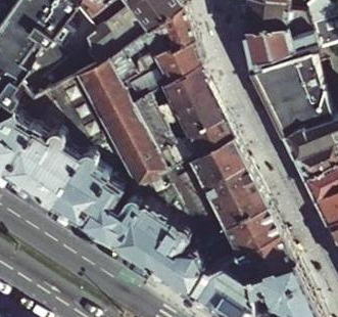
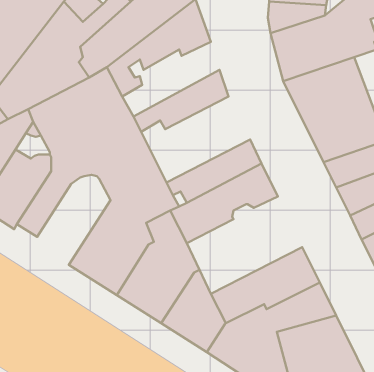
building: [124,44,202,104] -> none
building: [139,88,227,157] -> none
building: [53,151,114,224] -> none
building: [176,169,269,247] -> none

